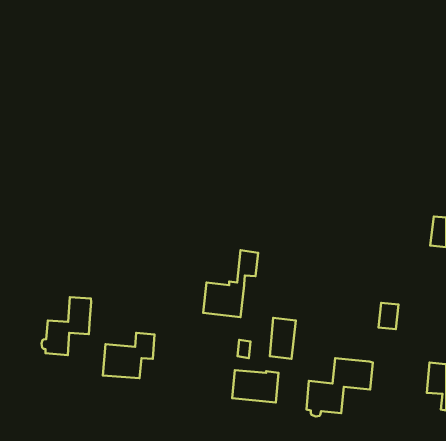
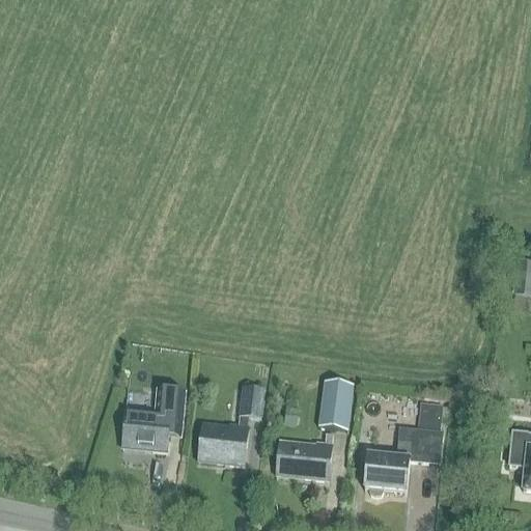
building: [203,250,258,317] -> [198,384,263,464]
building: [41,297,91,355] -> none
building: [378,303,398,329] -> [418,398,442,429]

